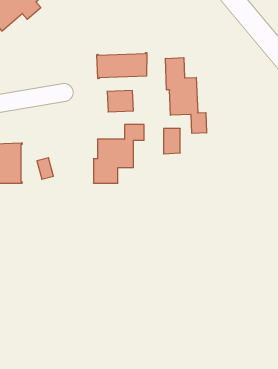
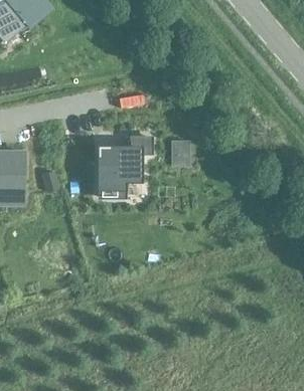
building: [97,53,147,79] -> none
building: [165,58,207,133] -> none

